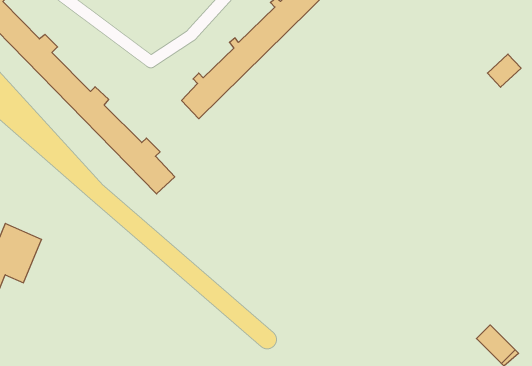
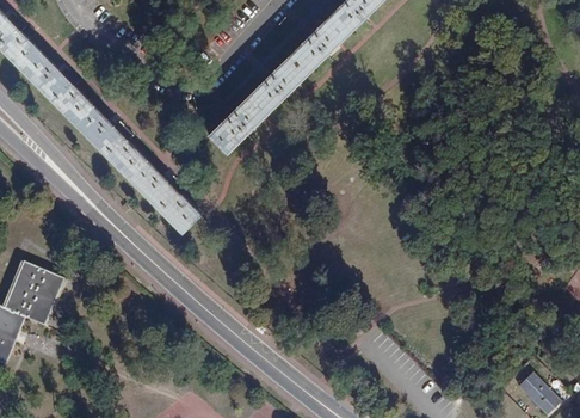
building: [487,54,521,87] -> none

